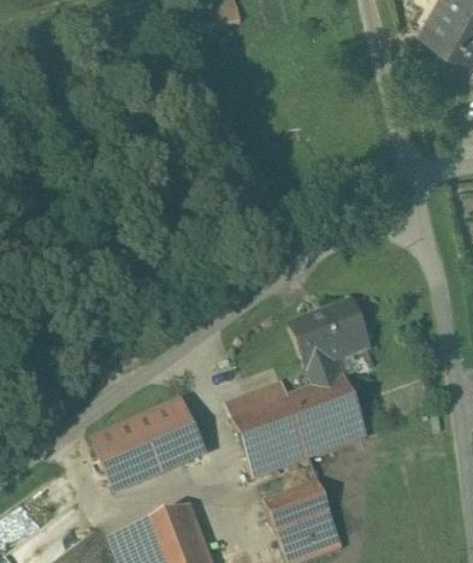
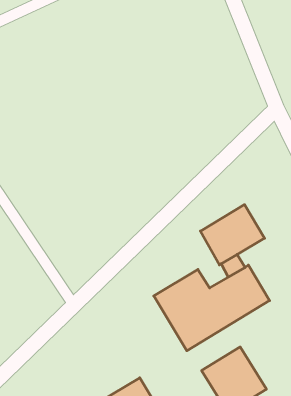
building: [101,397,200,482] -> none

